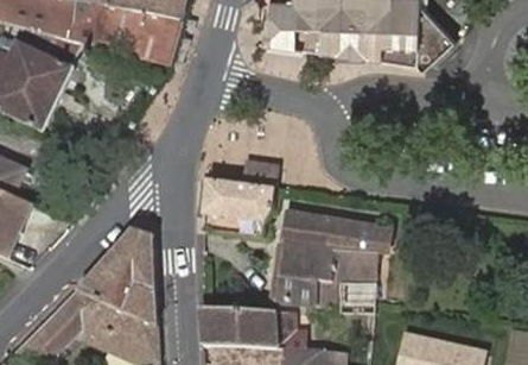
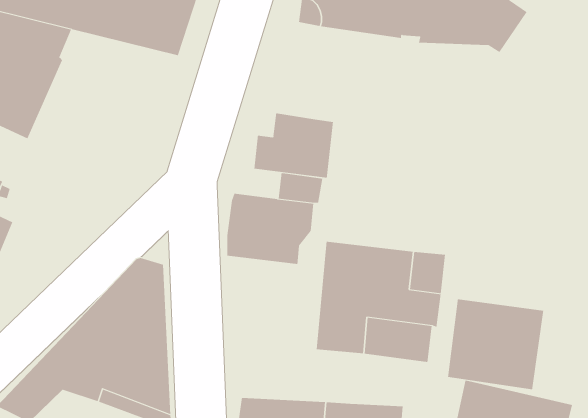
building: none -> [254,113,334,178]
building: none -> [448,299,544,390]
building: [198,304,306,347] -> none

